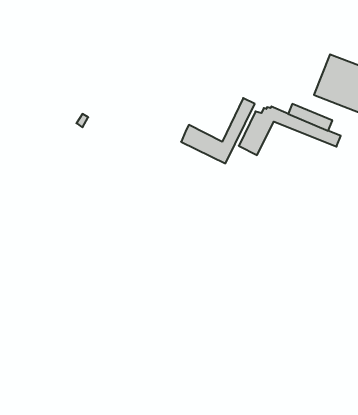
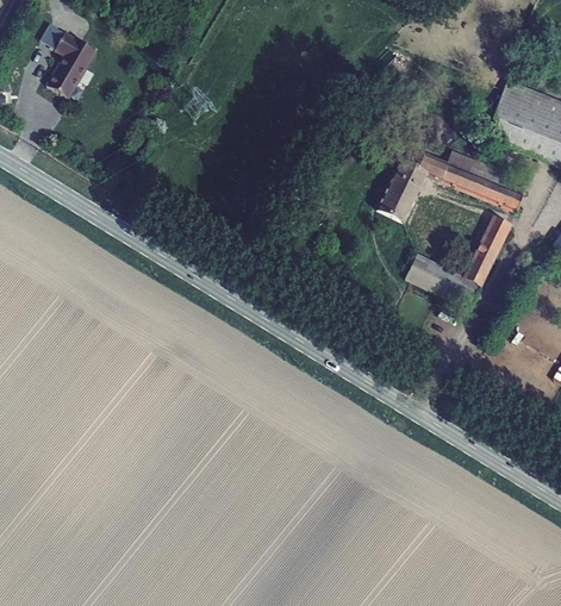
building: none -> [46,31,95,95]
building: [181,98,255,163] -> [406,215,511,308]

